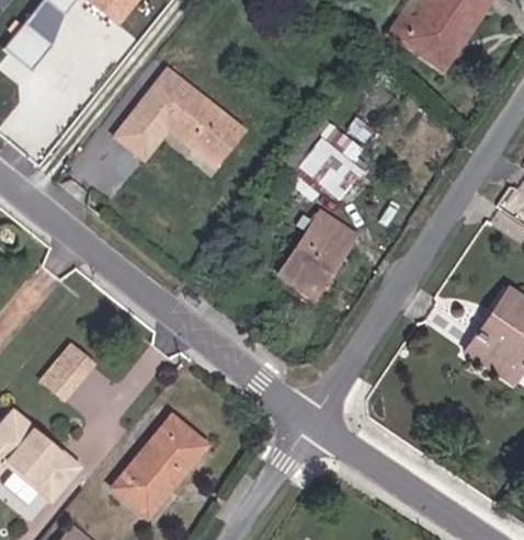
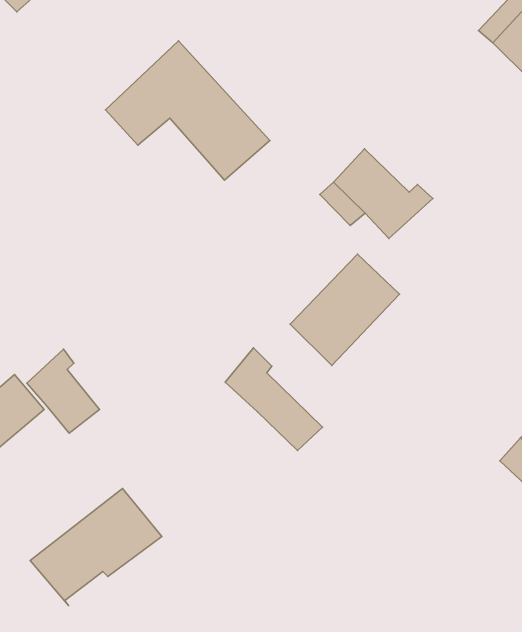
building: none -> [225,348,323,451]
building: none -> [27,349,99,433]

